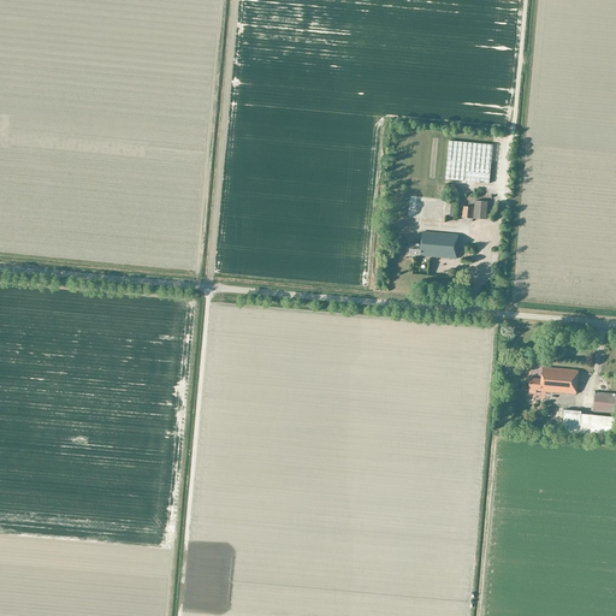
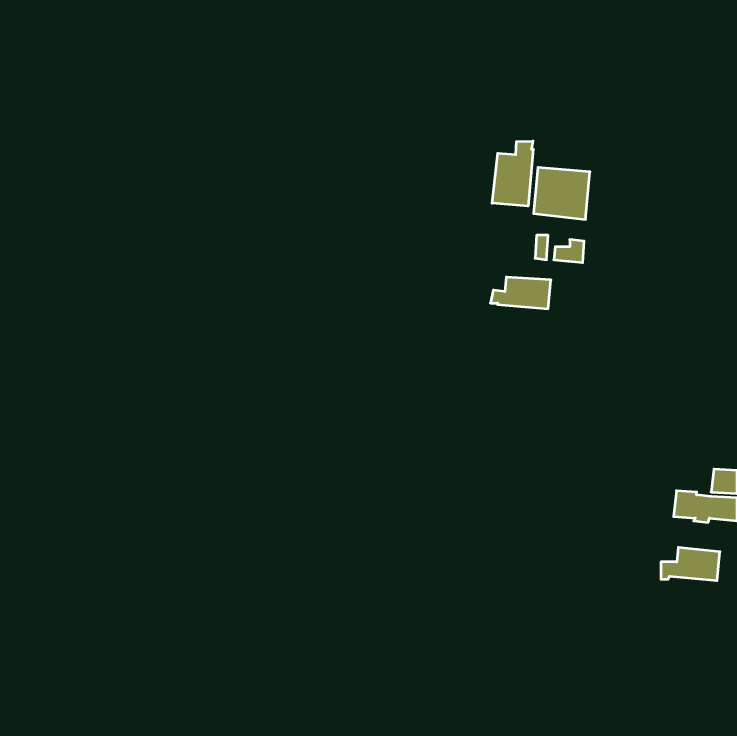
building: none -> [492,141,533,206]
building: [529,366,579,393] -> [661,547,720,581]

